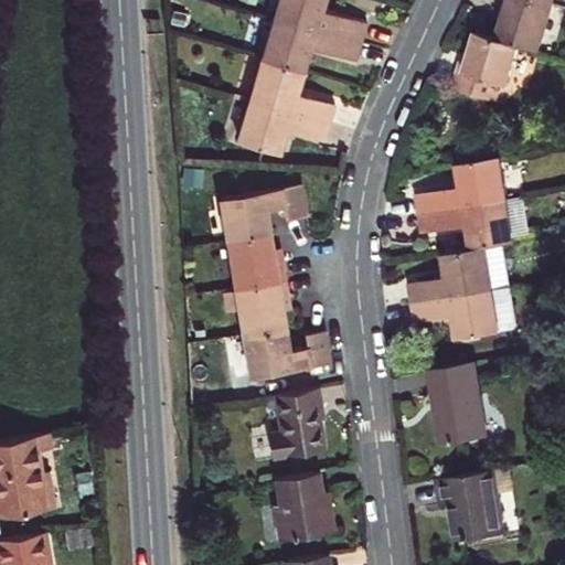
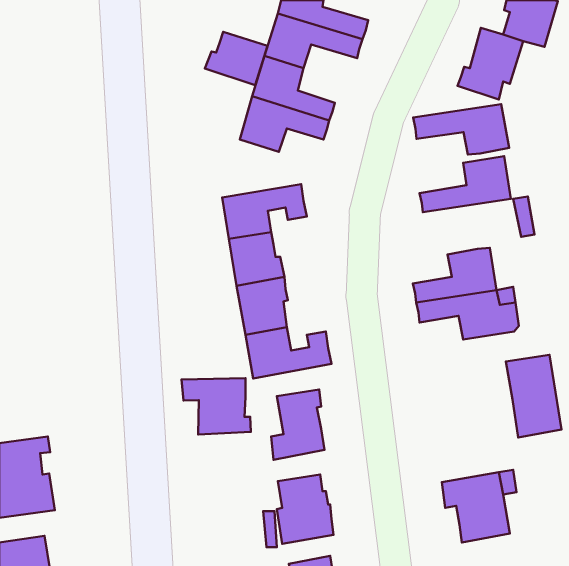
building: none -> [205,32,268,85]
building: [418,201,513,250] -> [413,104,509,155]
building: [429,363,484,445] -> [506,355,562,437]
building: none -> [181,378,251,434]

